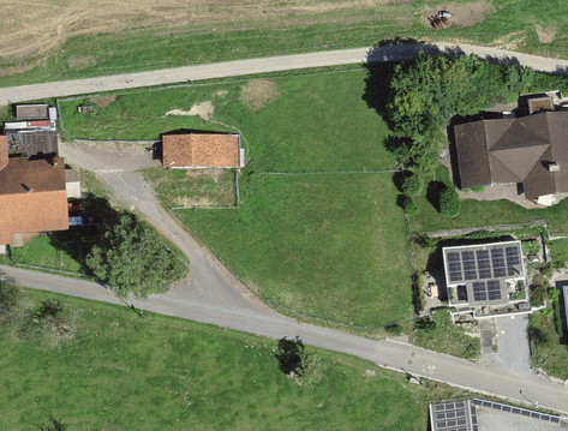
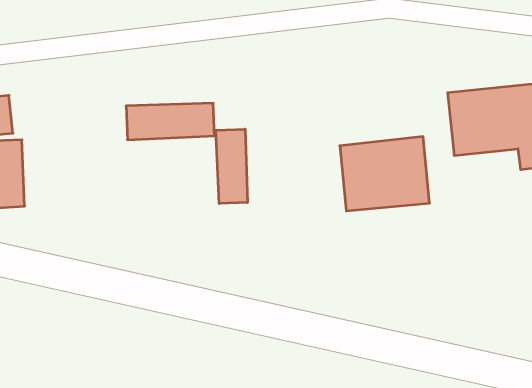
building: none -> [216,129,247,204]
building: [443,240,526,309] -> [340,137,430,211]

